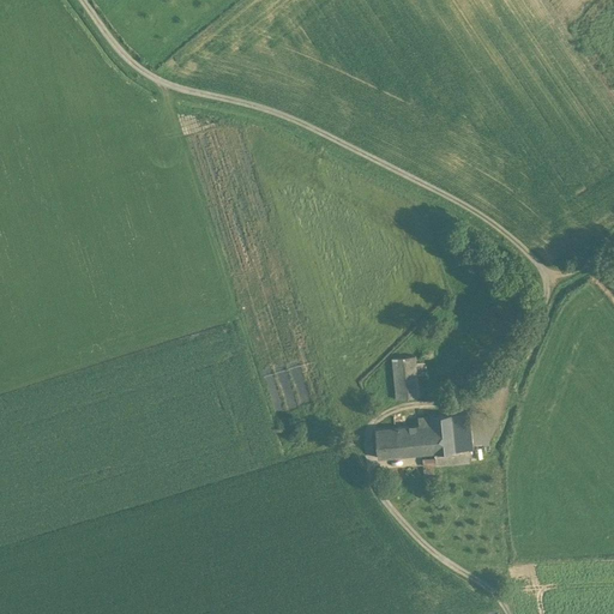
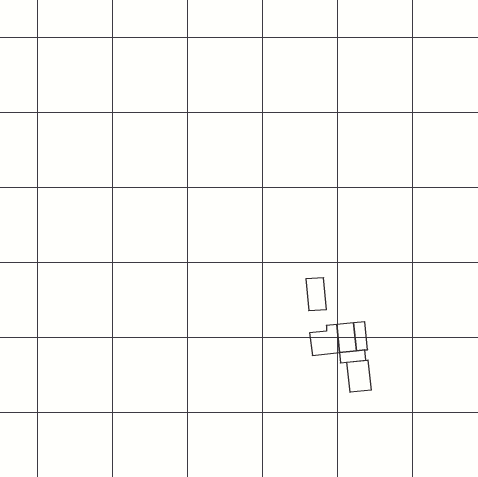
building: [377,428,401,459] -> none
building: none -> [347,360,371,392]

